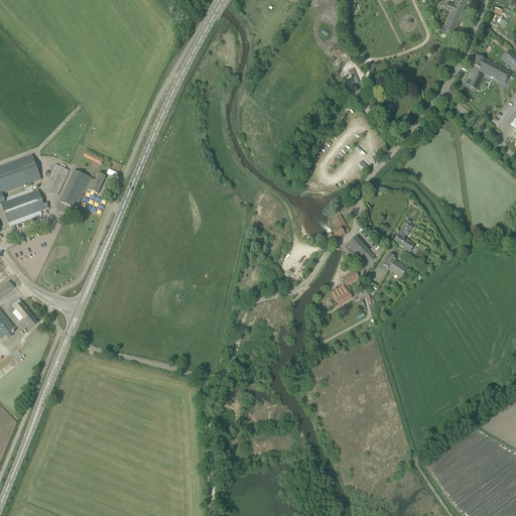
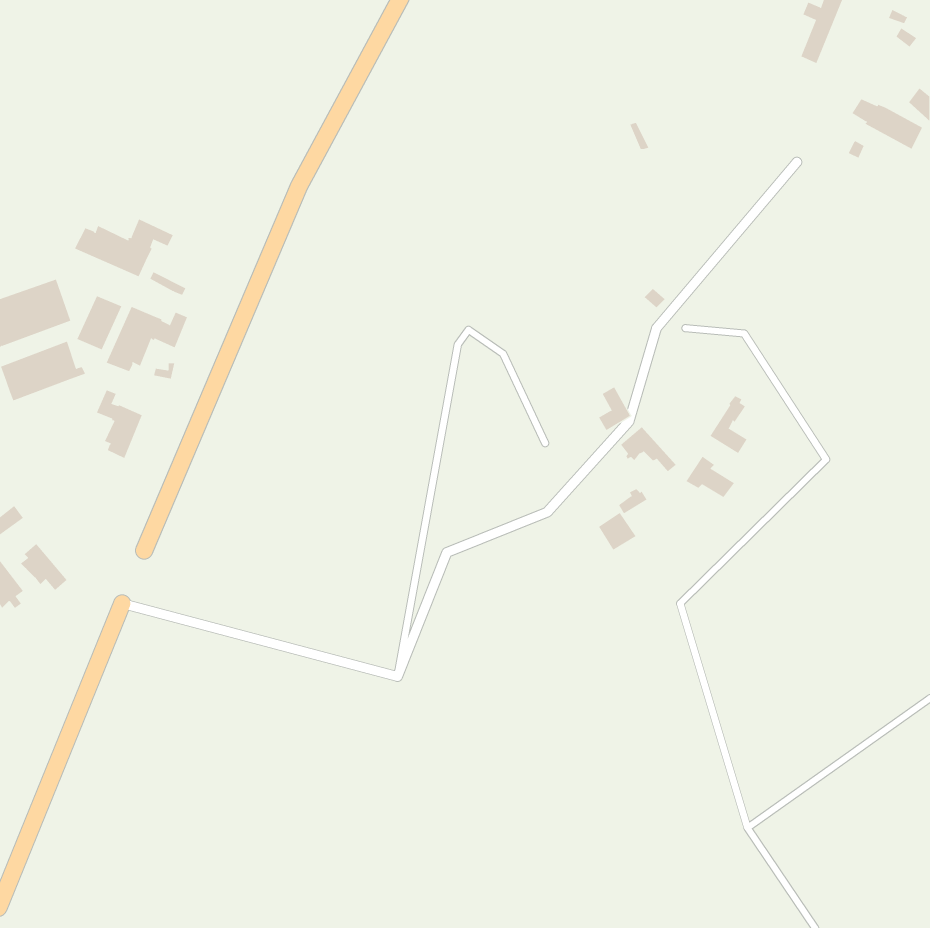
building: none -> [74,218,173,277]
building: none -> [96,389,142,459]

